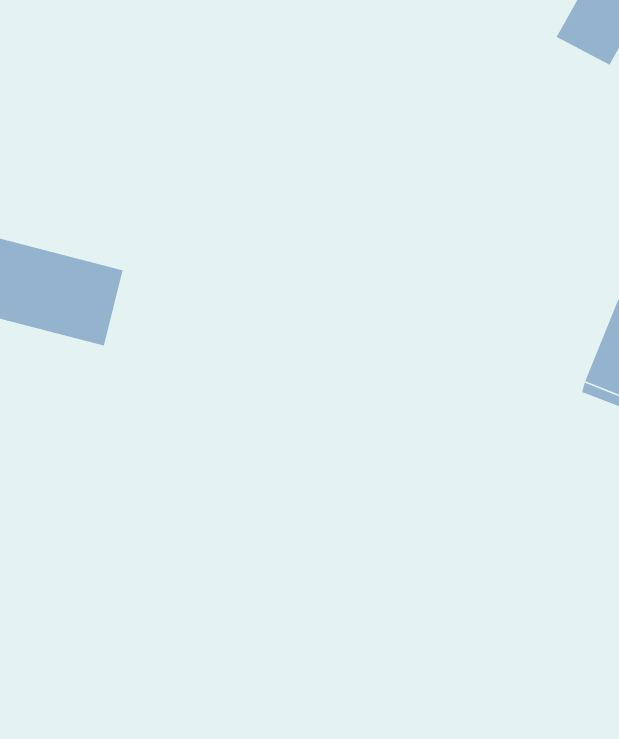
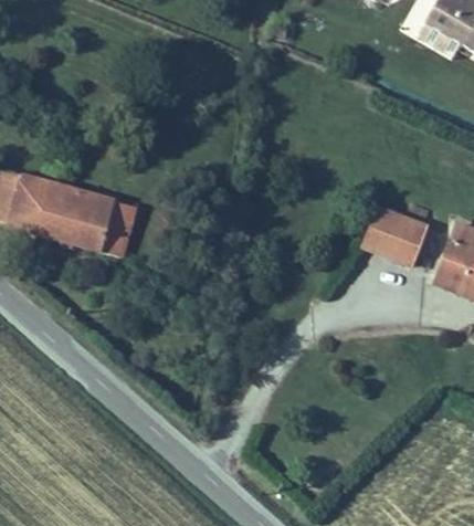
building: none -> [101,199,139,259]
building: none -> [360,208,425,265]

